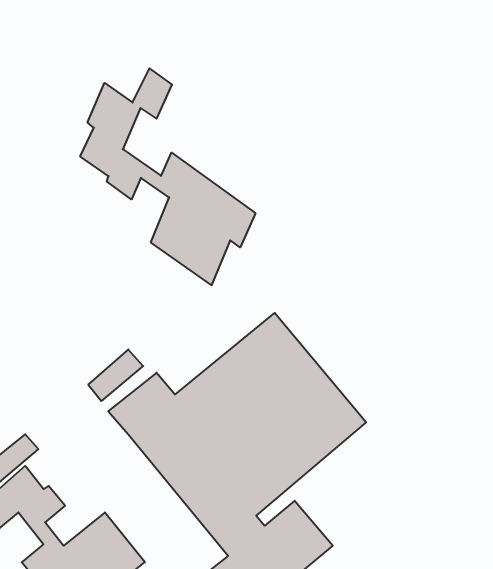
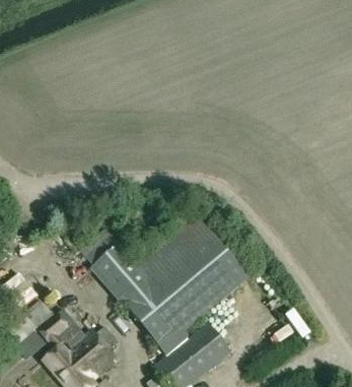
building: [80,68,255,285] -> none

